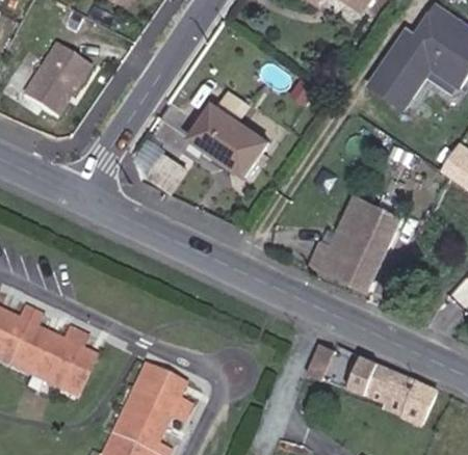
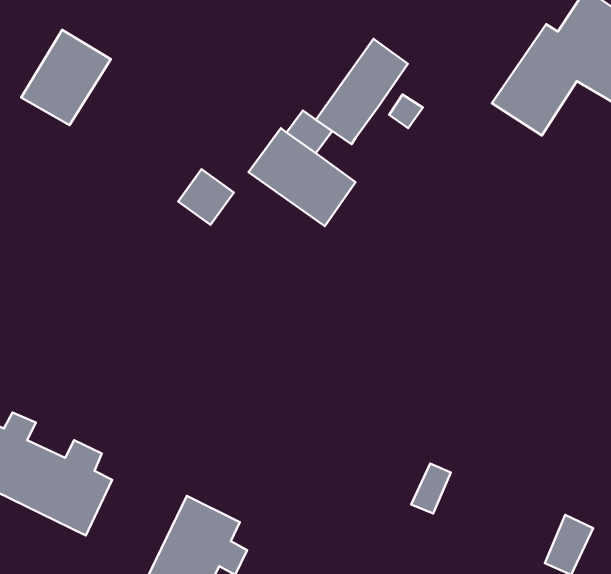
building: none -> [316,39,408,144]
building: [311,198,399,290] -> none
building: [348,355,415,414] -> none

